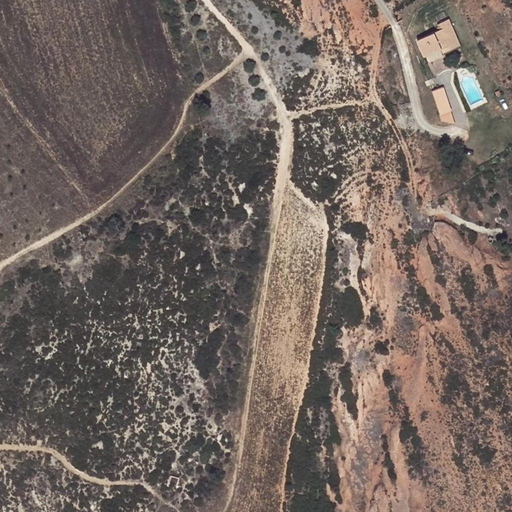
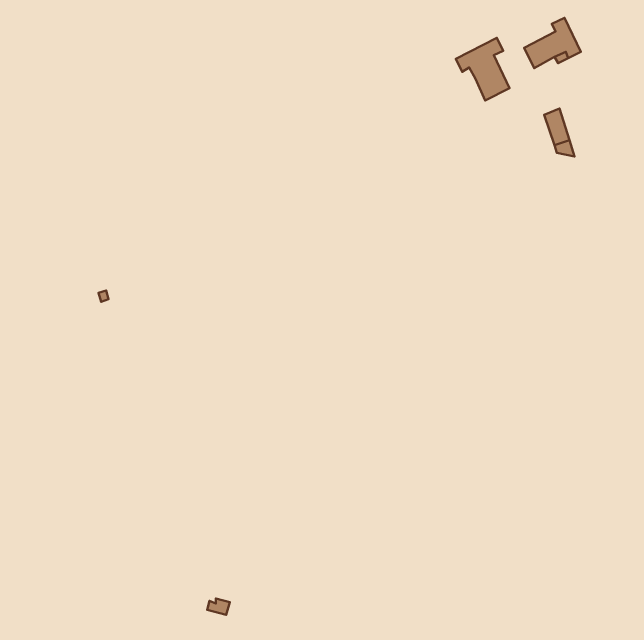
building: none -> [456,38,510,100]

